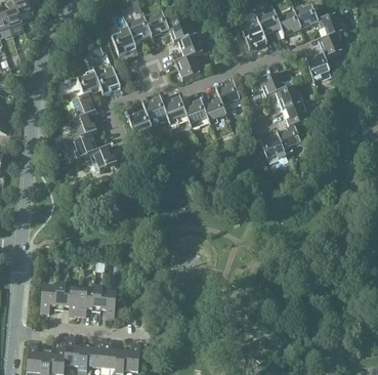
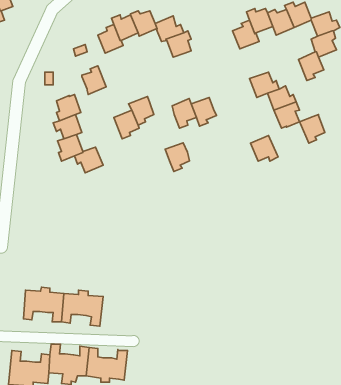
building: [176,53,201,79] -> none
building: [78,68,102,95] -> none
building: [216,80,241,108] -> none
building: [163,95,186,123] -> [165,143,190,171]
building: [277,124,301,152] -> [299,114,325,143]

